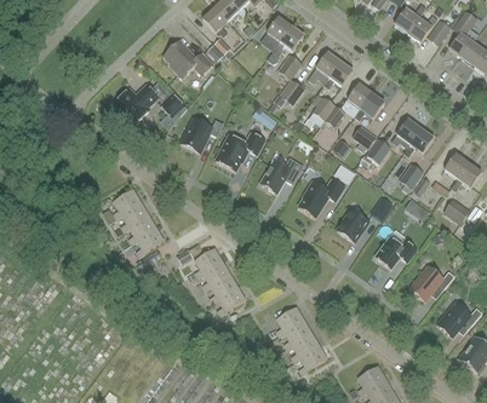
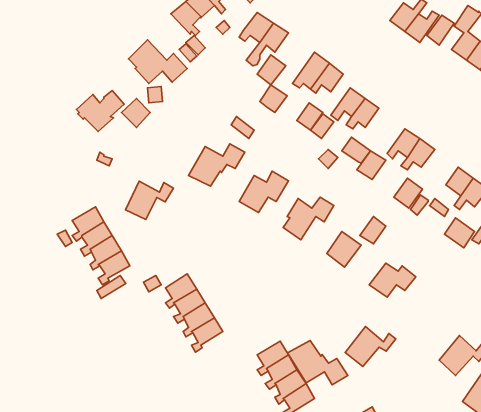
building: [182,117,224,151] -> [125,181,173,220]
building: [409,265,454,300] -> [345,327,396,366]
building: none -> [287,340,348,385]

